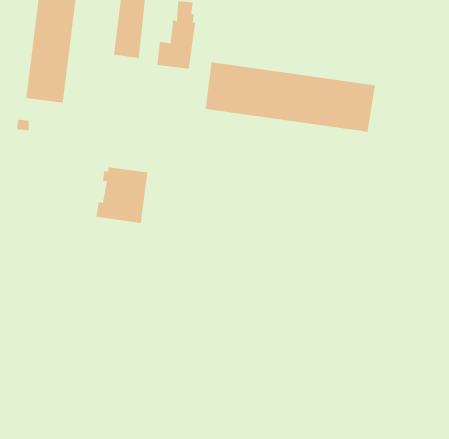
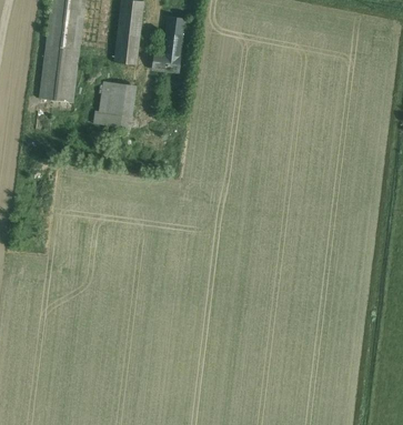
building: [205,61,376,133] -> none
building: [96,167,148,223] -> [92,80,137,128]

